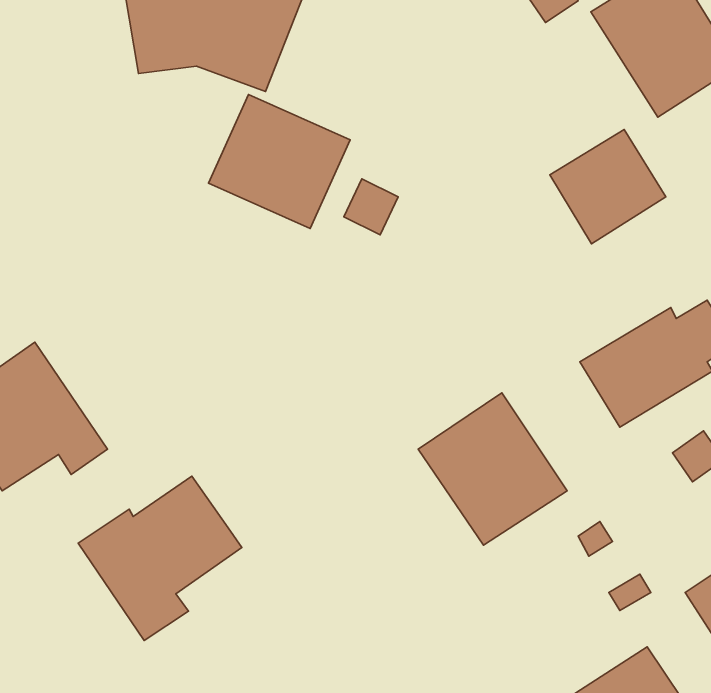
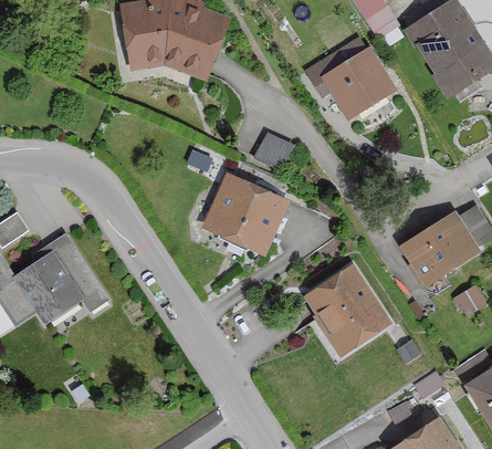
building: [208,94,350,229] -> [201,173,287,254]
building: [550,130,666,244] -> [323,49,394,118]
building: [78,476,242,641] -> none

